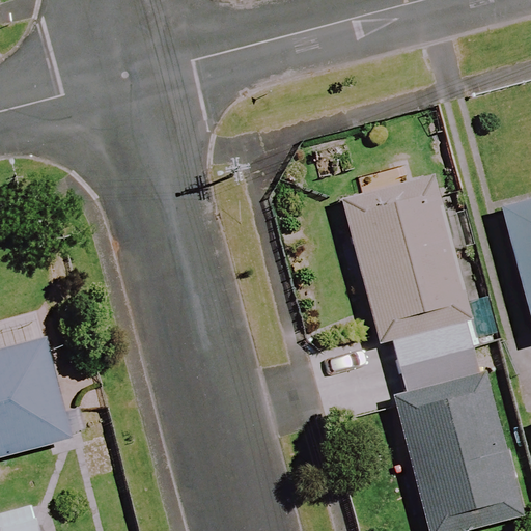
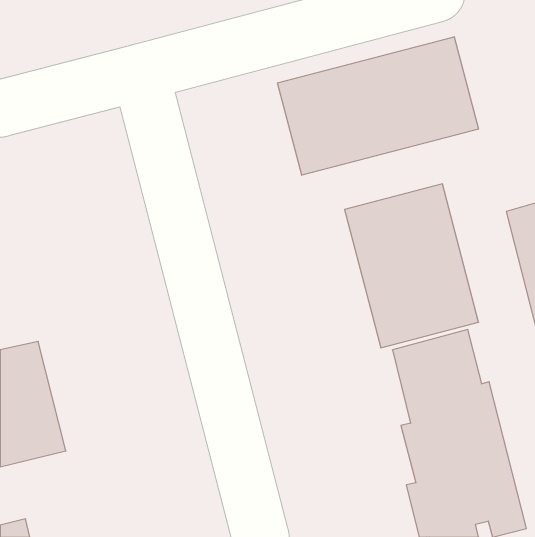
building: none -> [277,37,478,175]

